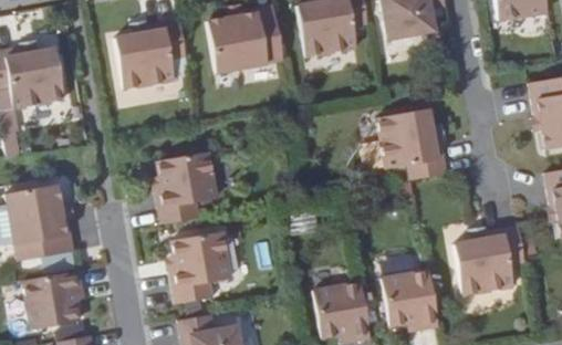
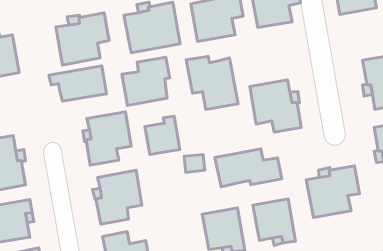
building: none -> [186,56,238,109]
building: none -> [122,57,170,105]
building: none -> [49,66,107,101]
building: none -> [145,116,180,154]
building: none -> [215,149,282,187]

